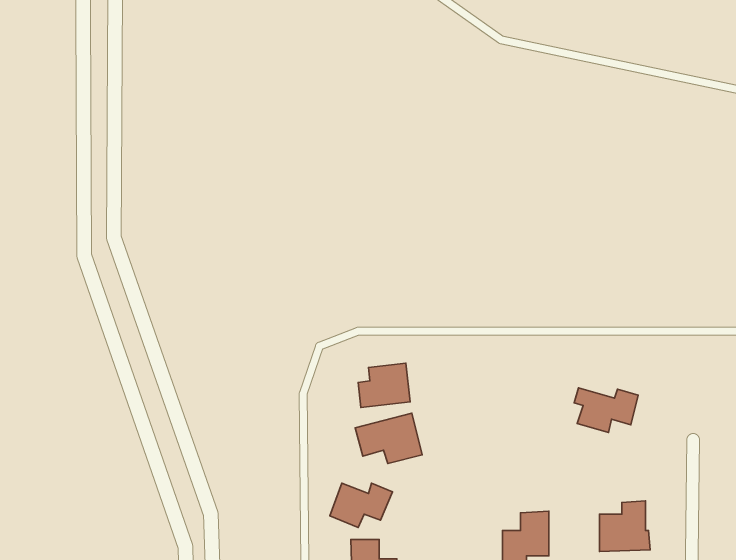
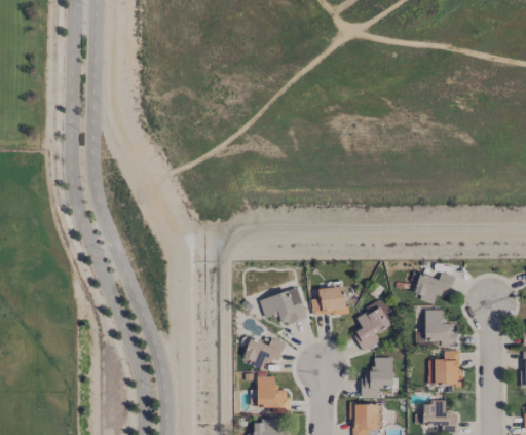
building: [358,363,410,408] -> [311,286,347,317]
building: none -> [353,298,397,351]
building: none -> [425,310,457,347]

